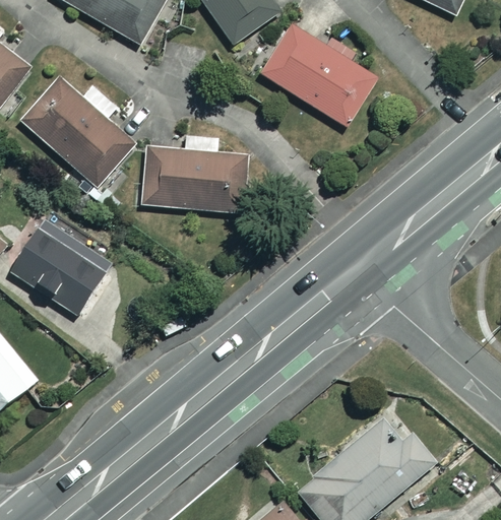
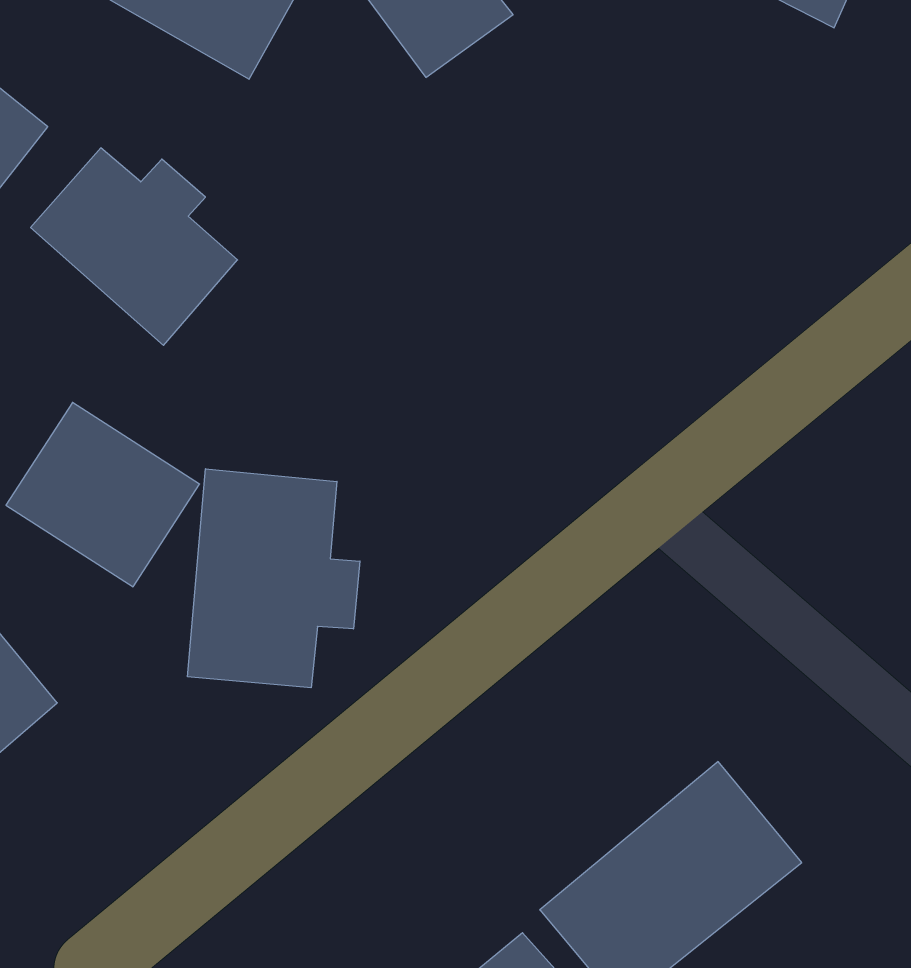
building: [261,19,380,128] -> none
building: [139,136,247,213] -> none
building: none -> [188,469,360,688]

